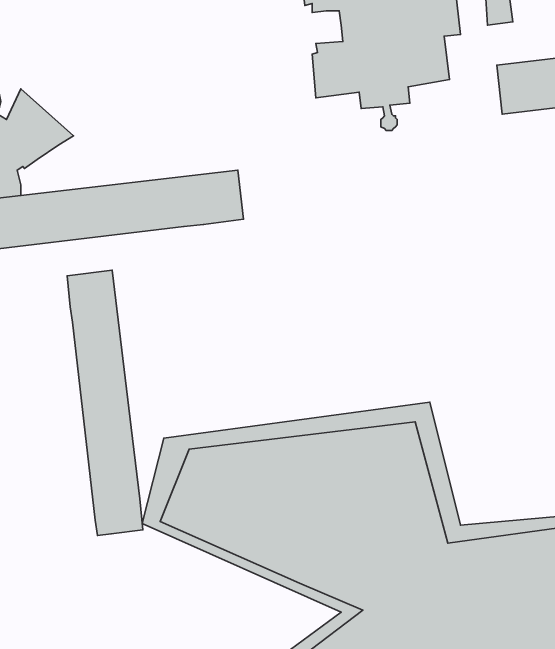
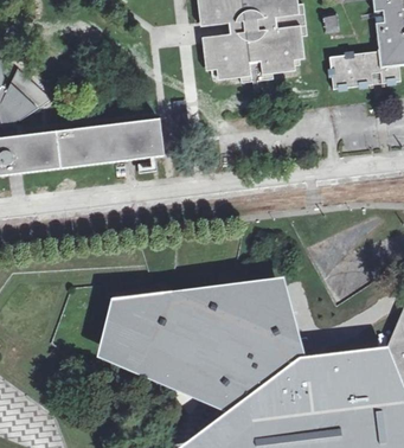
building: [67,270,143,535] -> none

